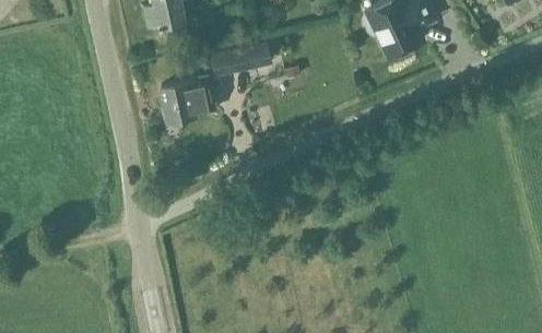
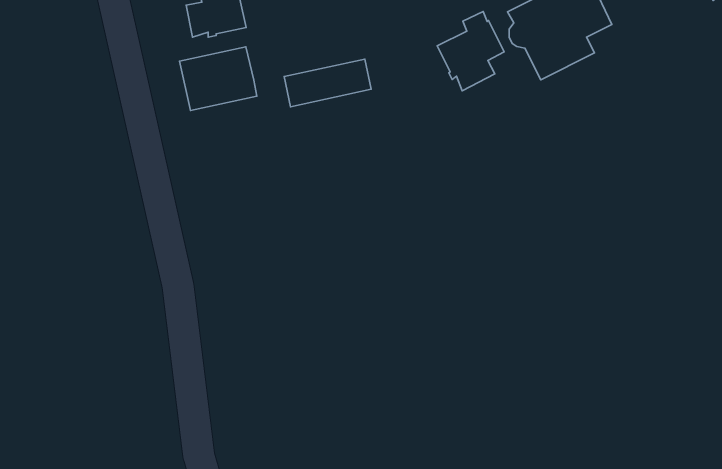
building: none -> [437,12,504,91]
building: [160,78,213,121] -> [179,47,257,110]

